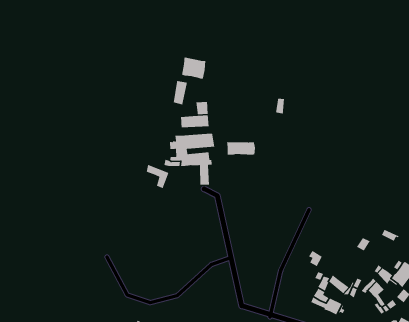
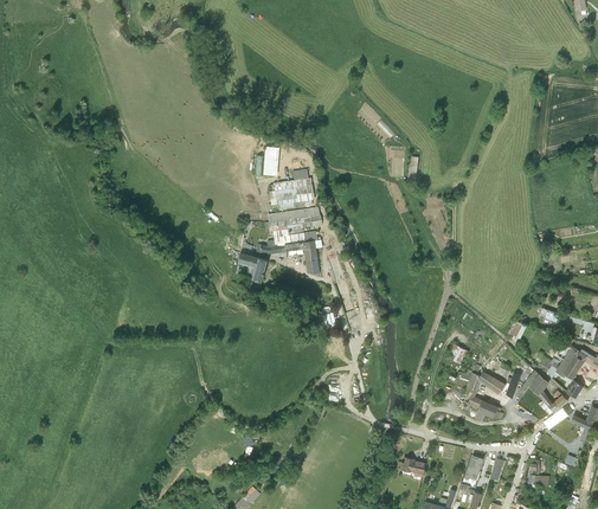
building: [181,57,206,79] -> none
building: [226,141,256,156] -> none

